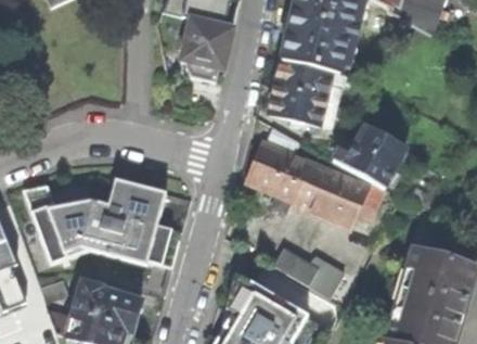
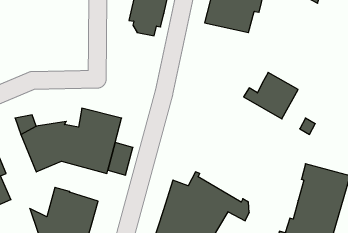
building: [269,62,345,126] -> none
building: [249,128,381,227] -> none
building: [272,250,343,301] -> none

